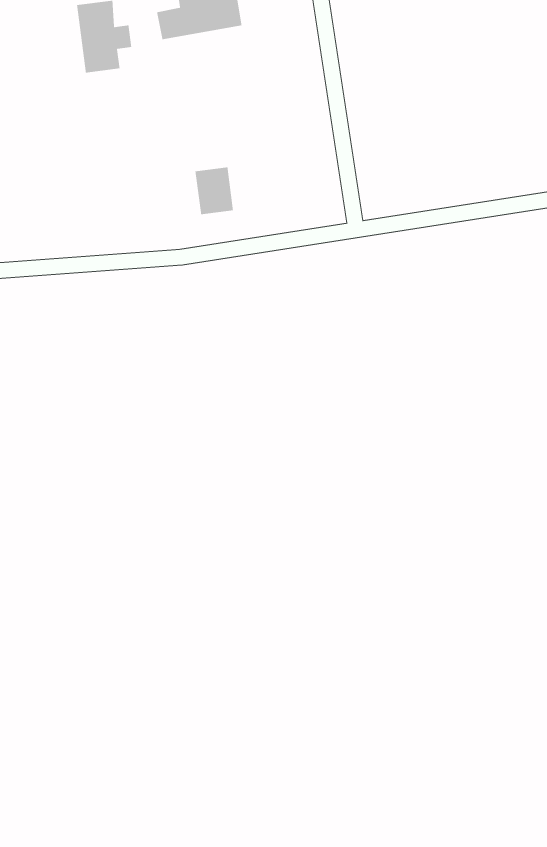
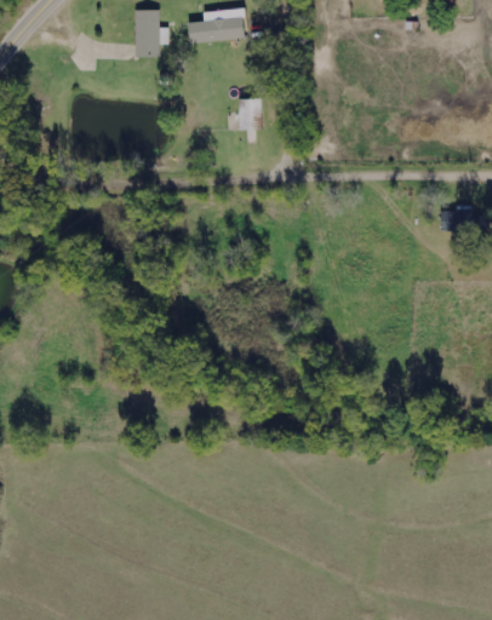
building: [195,166,234,215] -> [239,99,262,130]

